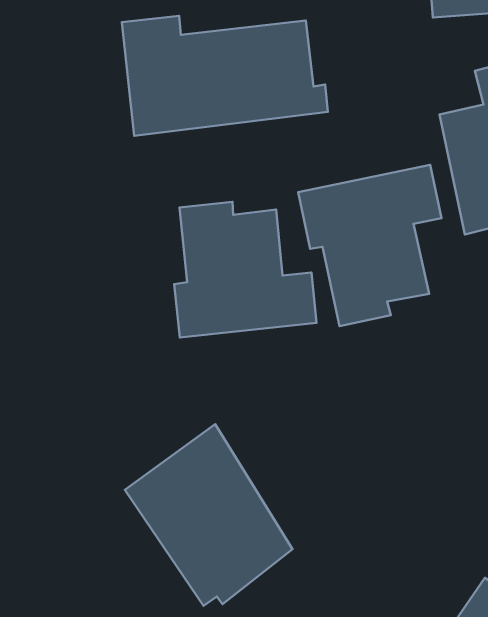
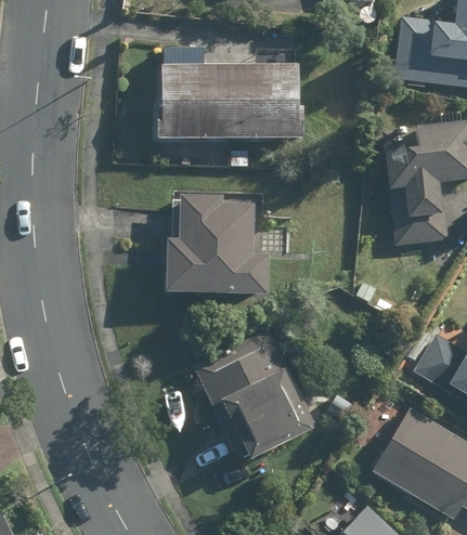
building: [298,165,441,326] -> none
building: [125,424,292,606] -> [196,326,313,460]

